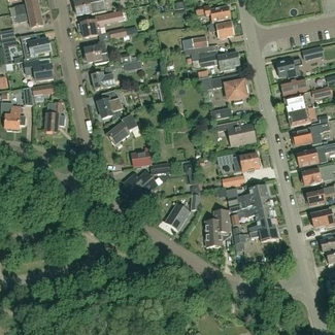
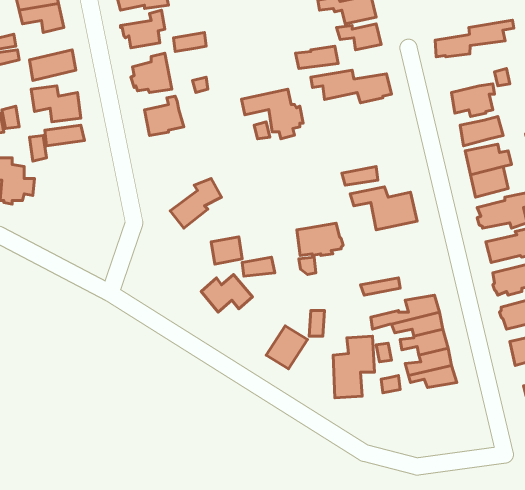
building: none -> [435,20,514,57]
building: [210,73,247,103] -> [241,89,303,139]
building: [98,93,124,120] -> none
building: [45,102,65,132] -> none
building: [233,153,261,172] -> [297,223,343,256]

